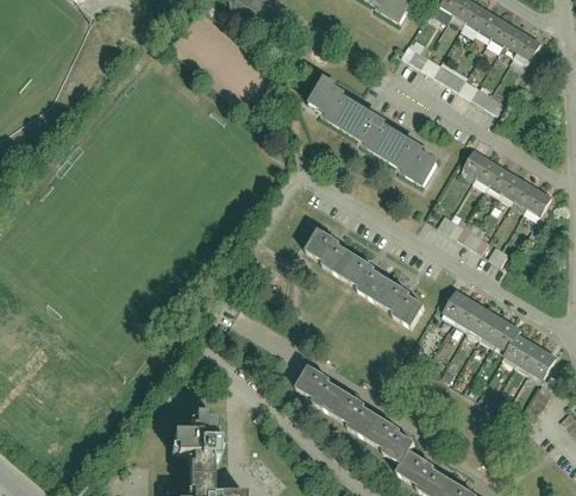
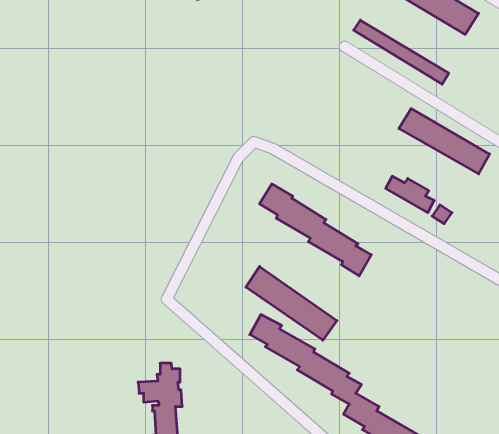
building: [305,77,439,186] -> none
building: [434,288,556,376] -> none
building: none -> [246,266,337,340]

